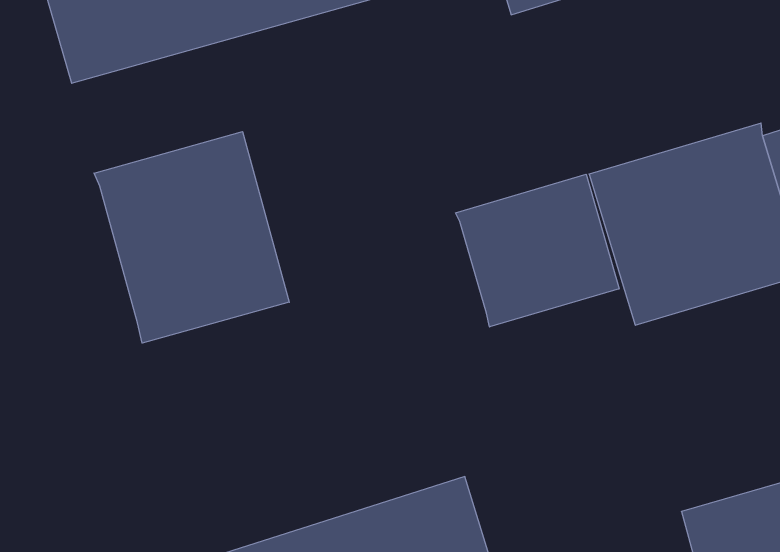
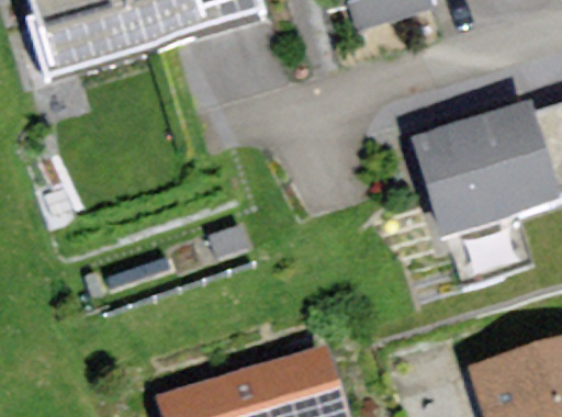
building: [94,132,289,343] -> none
building: [456,174,619,327] -> none

